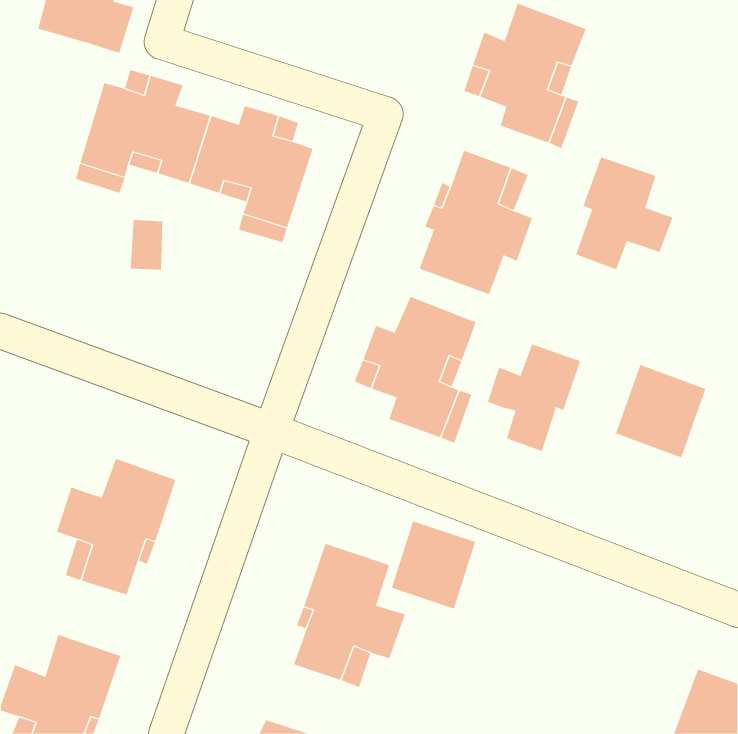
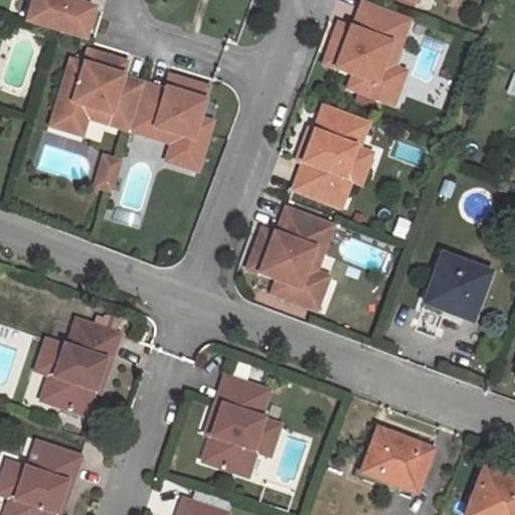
building: [575,157,673,270] -> none
building: [487,344,581,452] -> none
building: [391,521,476,609] -> none
building: none -> [366,427,434,487]

